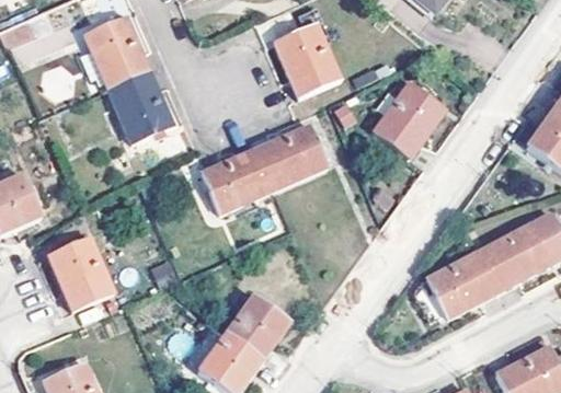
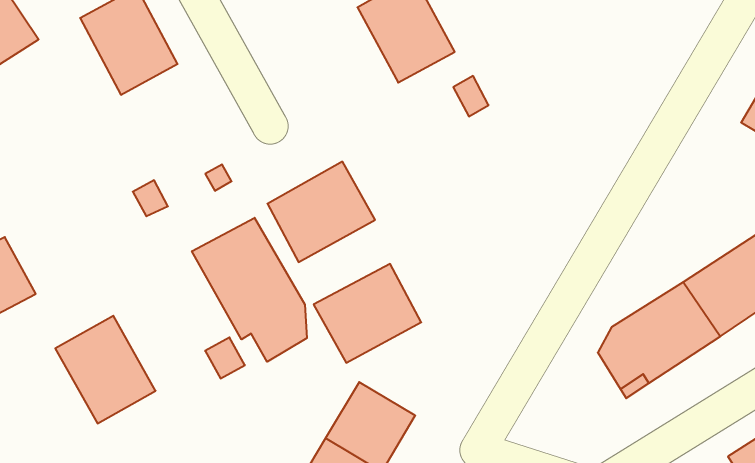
building: [108,69,173,140] -> none
building: [375,82,447,158] -> none
building: [255,123,328,187] -> [314,264,421,363]
building: none -> [192,218,307,362]

